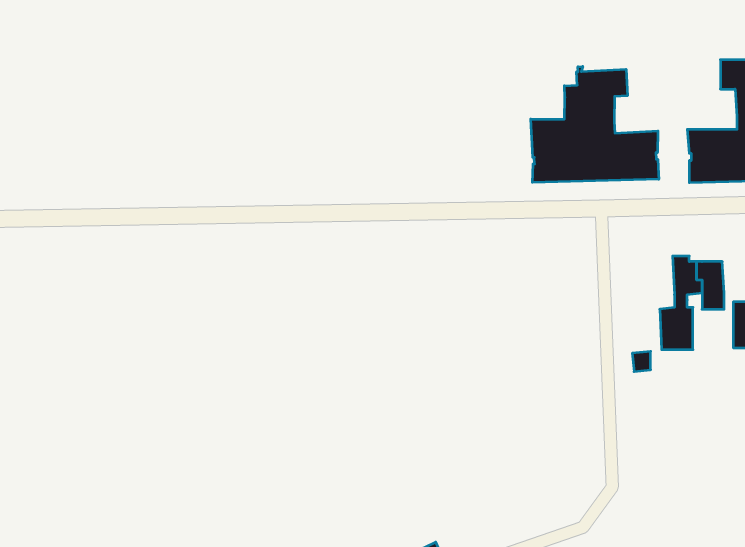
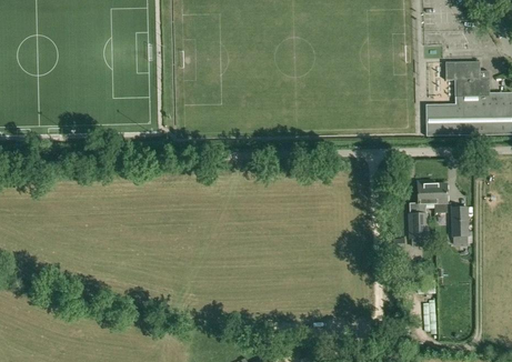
building: [531,66,659,182] -> none

